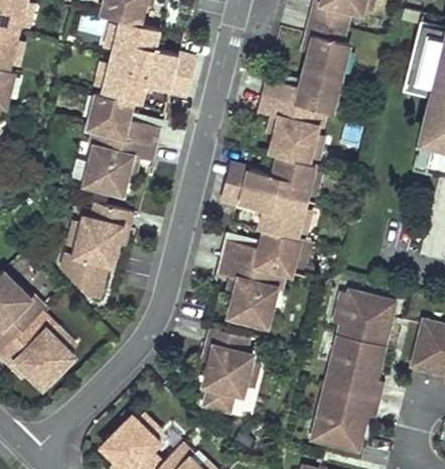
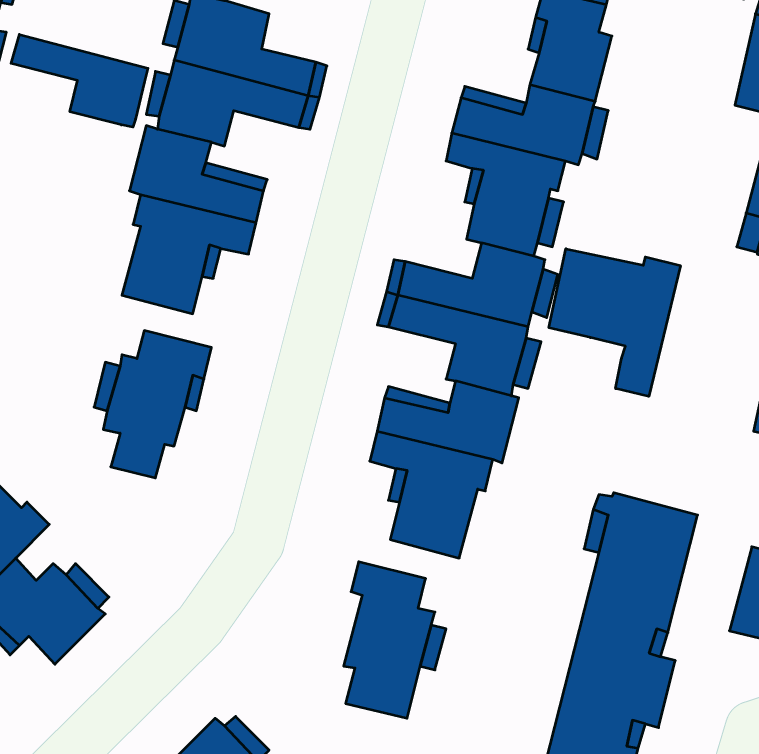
building: none -> [11,34,148,127]
building: none -> [549,249,680,396]

